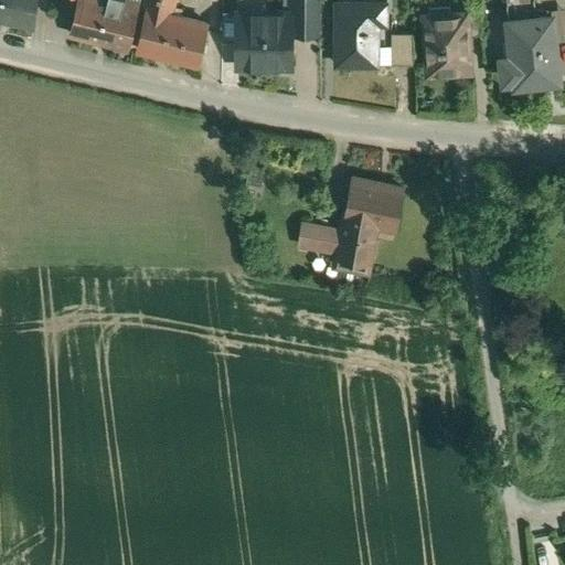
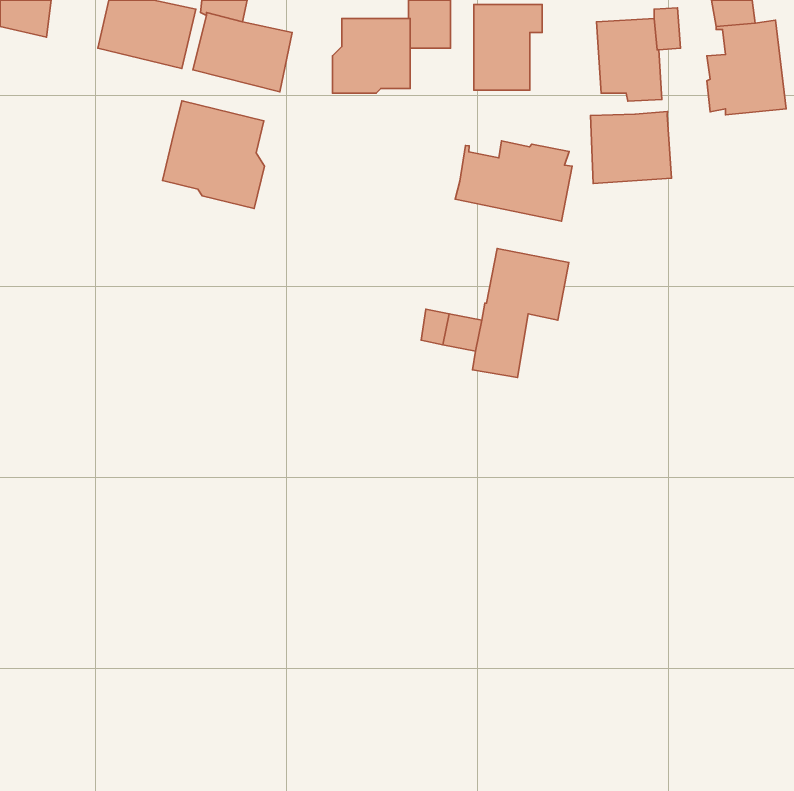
building: [391,35,414,66] -> none
building: none -> [162,101,265,209]
building: none -> [591,111,672,184]
building: none -> [455,141,572,221]

